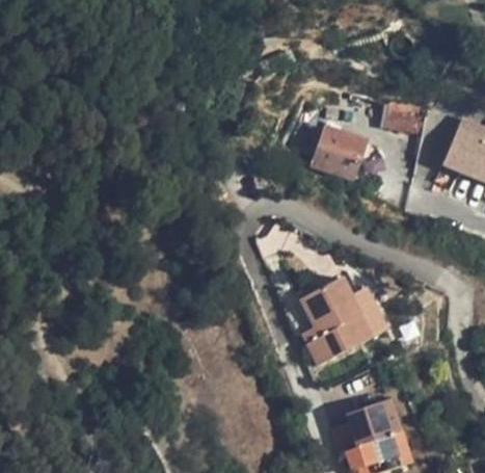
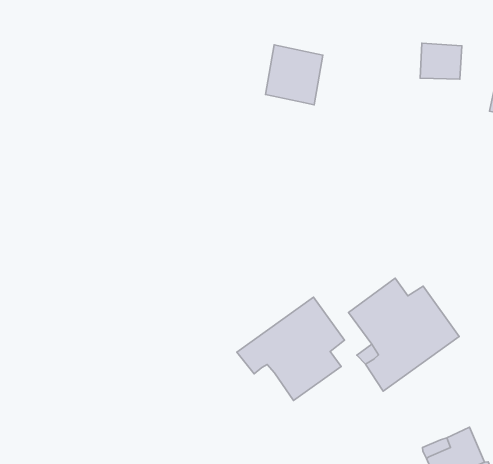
building: [312,123,362,176] -> [265,45,323,105]
building: none -> [237,297,345,400]

